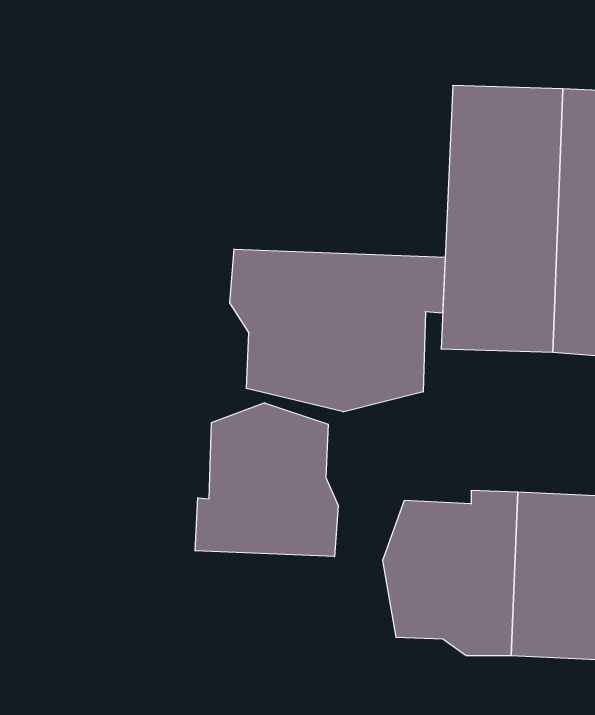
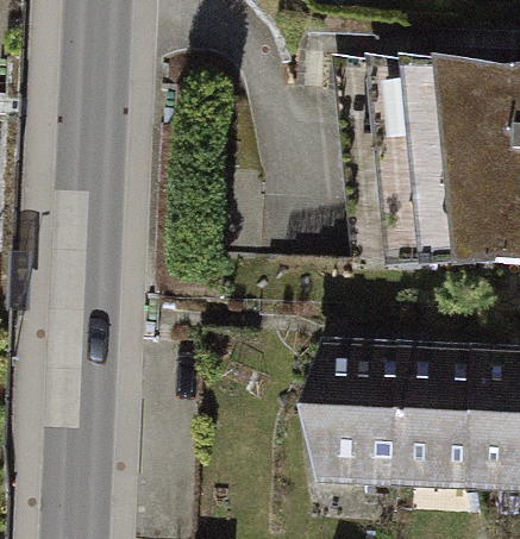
building: [230,249,445,412] -> none
building: [195,403,338,557] -> none

